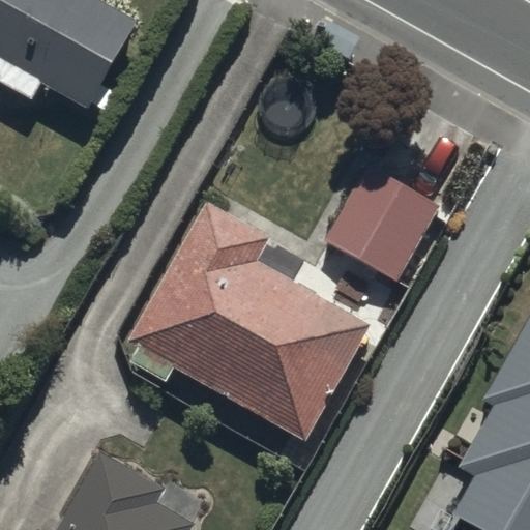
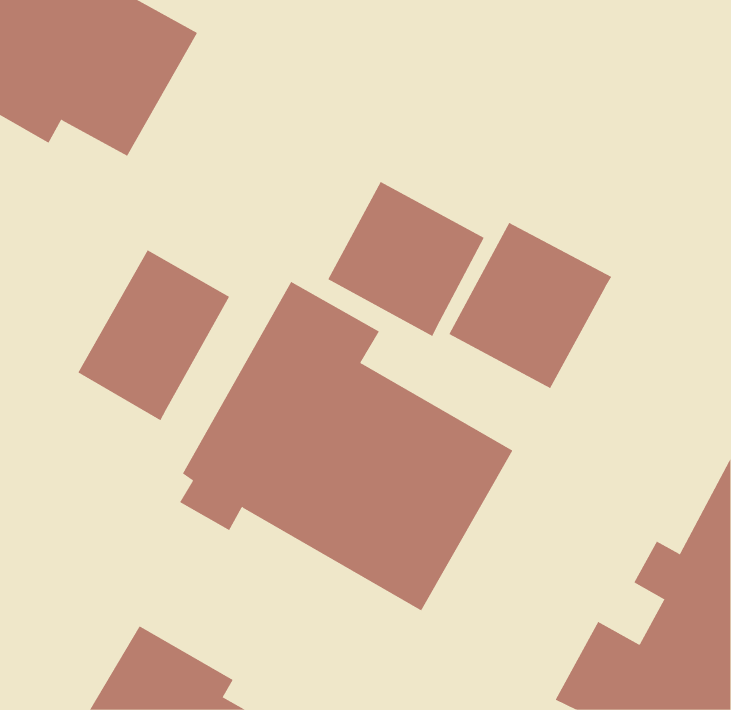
building: none -> [328,181,484,337]
building: none -> [77,249,230,421]

